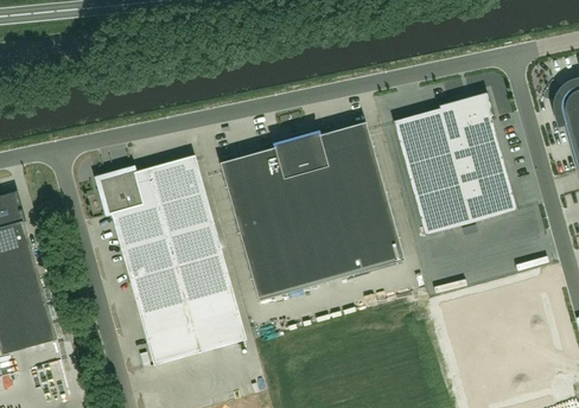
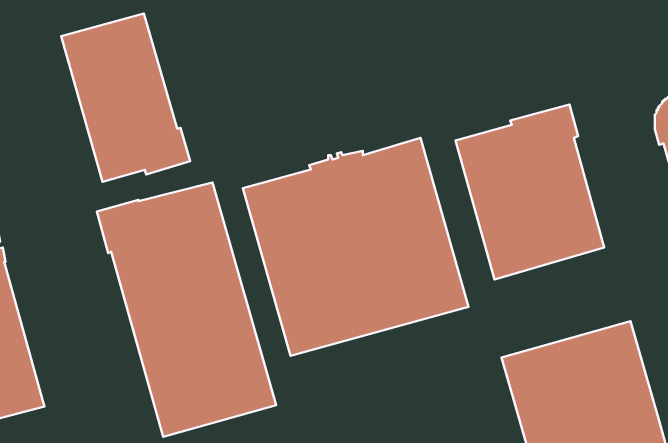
building: none -> [61,14,190,182]

